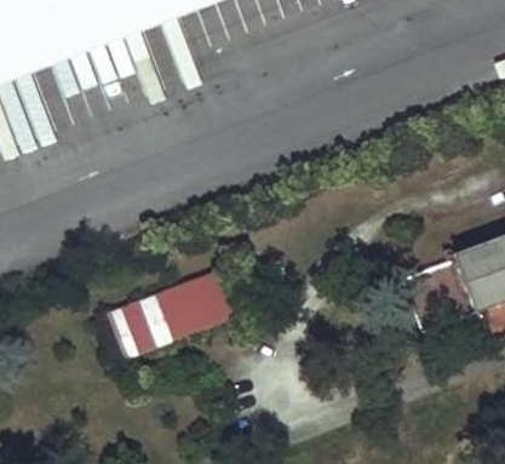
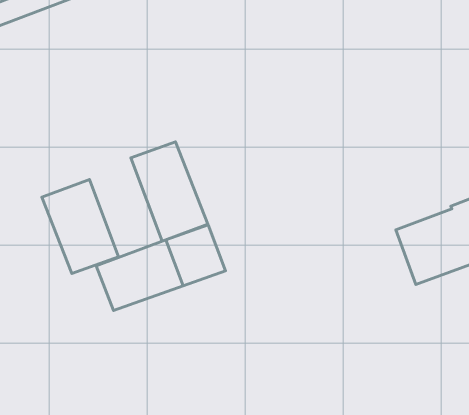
building: none -> [131,142,208,241]
building: none -> [42,179,119,274]

